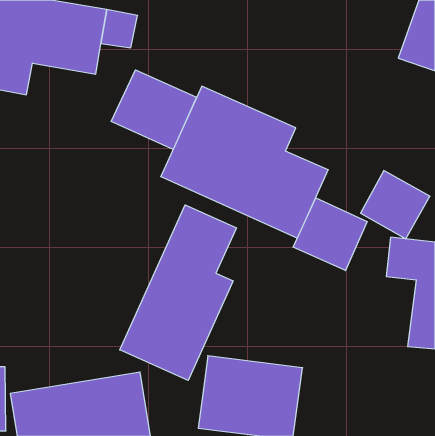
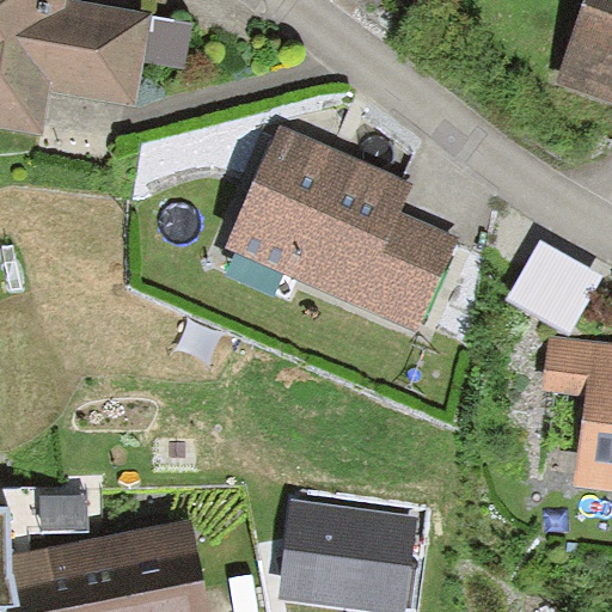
building: [111,70,197,149] -> none
building: [293,198,367,271] -> none
building: [120,205,237,380] -> none

